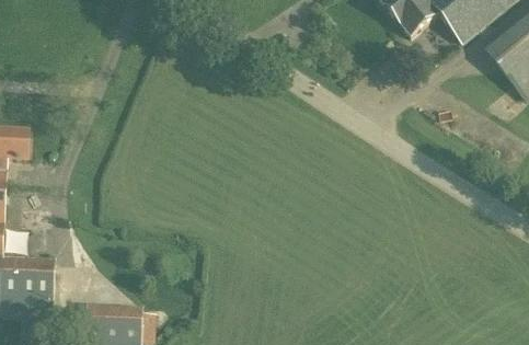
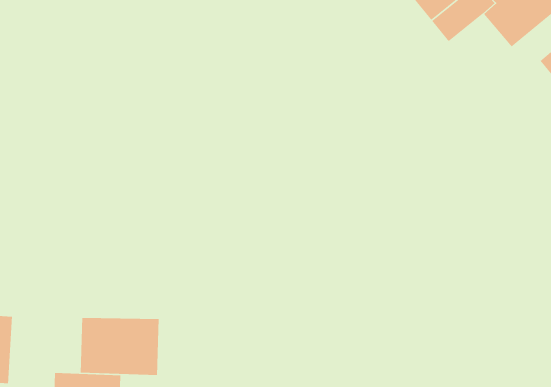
building: none -> [80,317,159,376]

